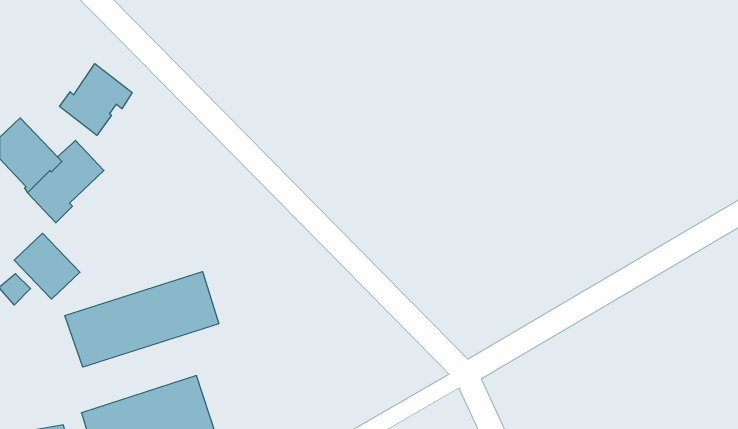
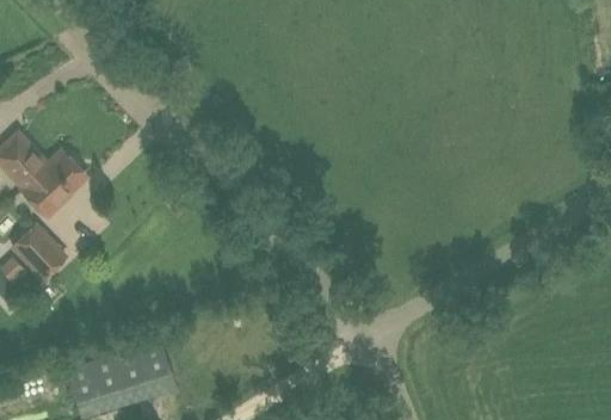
building: [60,64,132,135] -> none
building: [65,272,219,367] -> none

